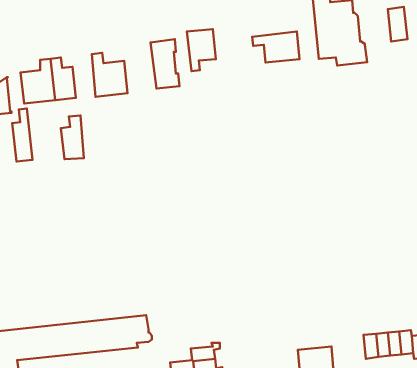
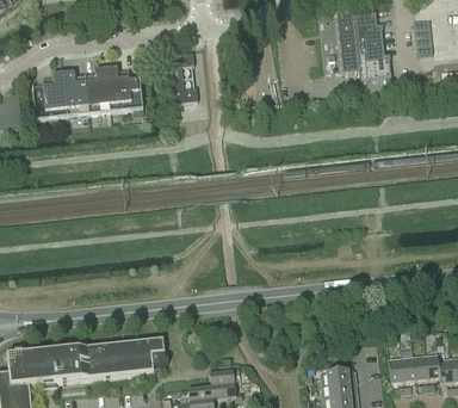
building: [187,29,216,71] -> none
building: [252,32,299,63] -> none
building: [12,109,33,162] -> none
building: [61,115,84,159] -> [86,67,110,112]

